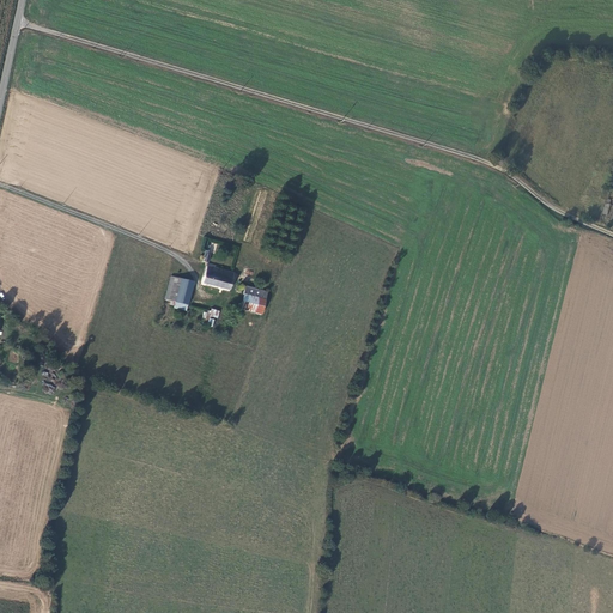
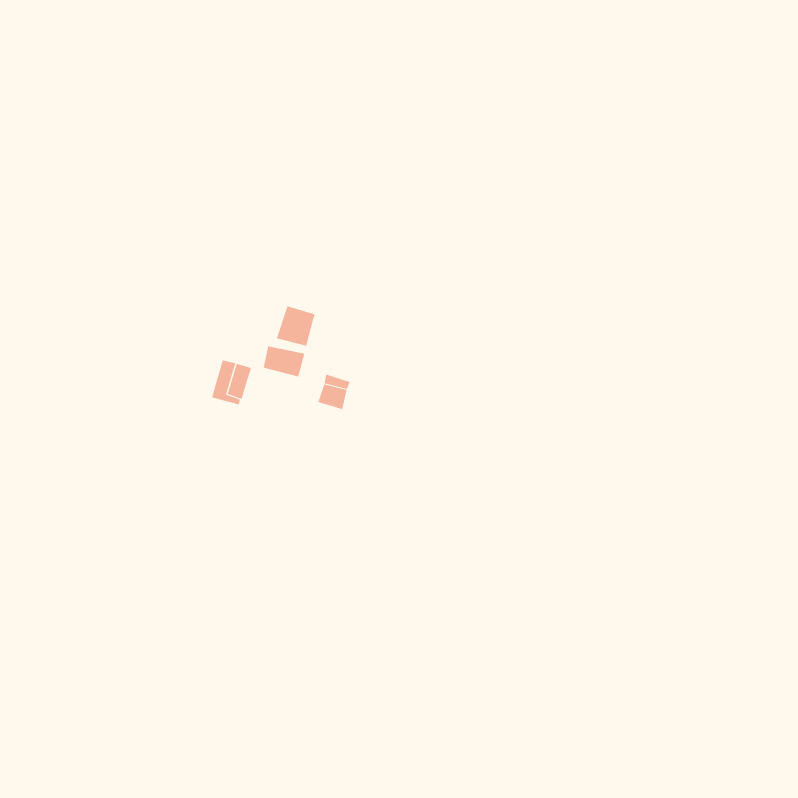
building: none -> [276,306,315,347]

